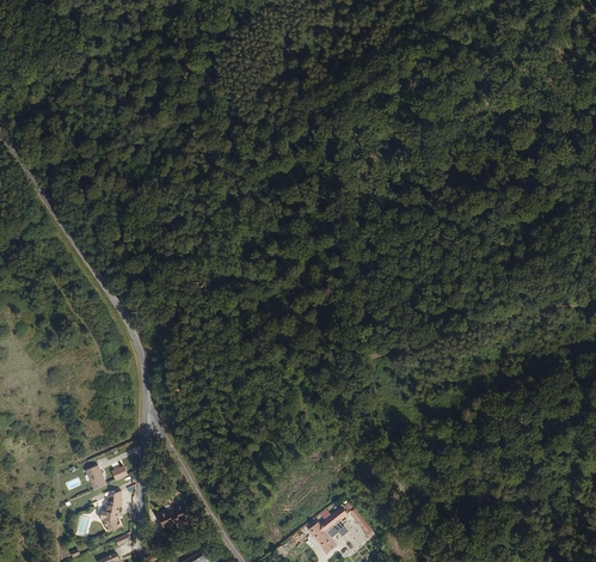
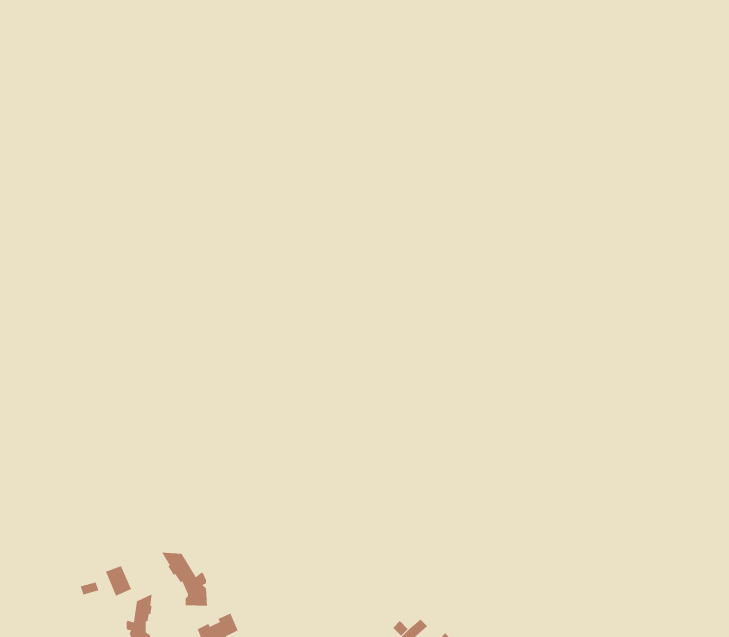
building: none -> [161,552,207,606]

